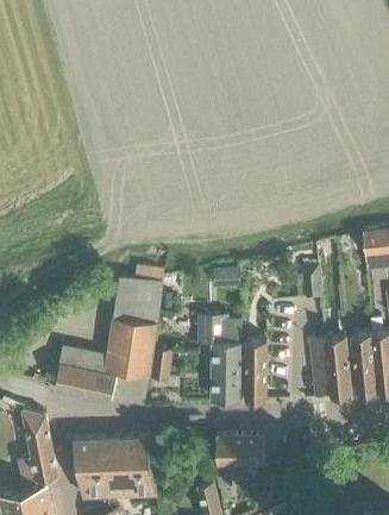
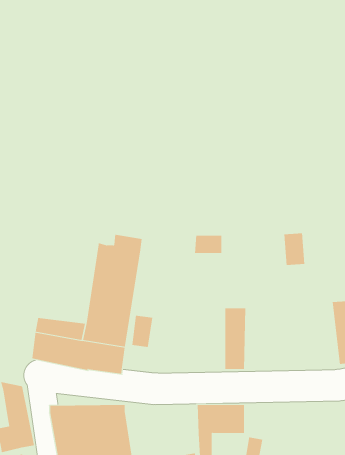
building: [197,315,240,402] -> none
building: [309,333,350,401] -> none

